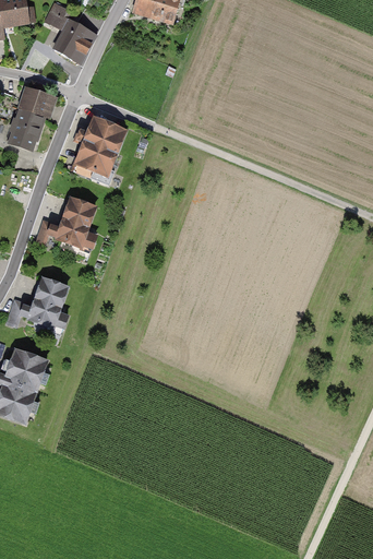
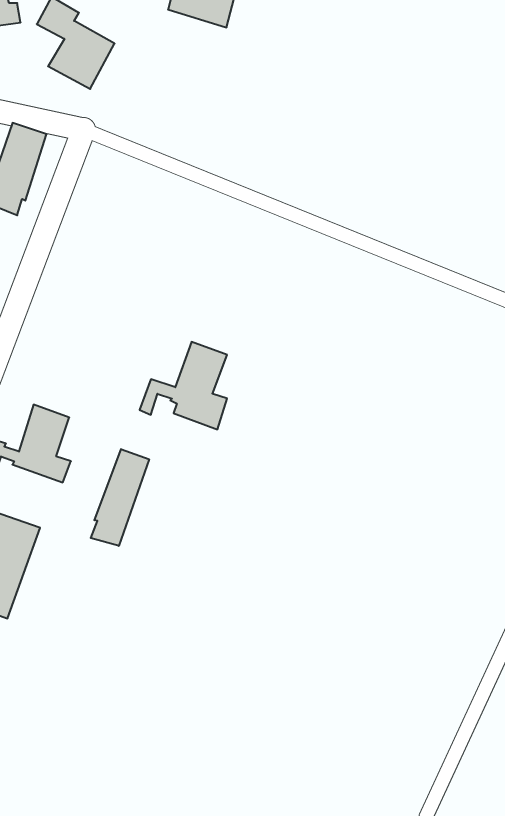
building: [74,118,124,183] -> none
building: [36,198,95,257] -> [140,342,227,429]
building: none -> [91,449,149,546]

